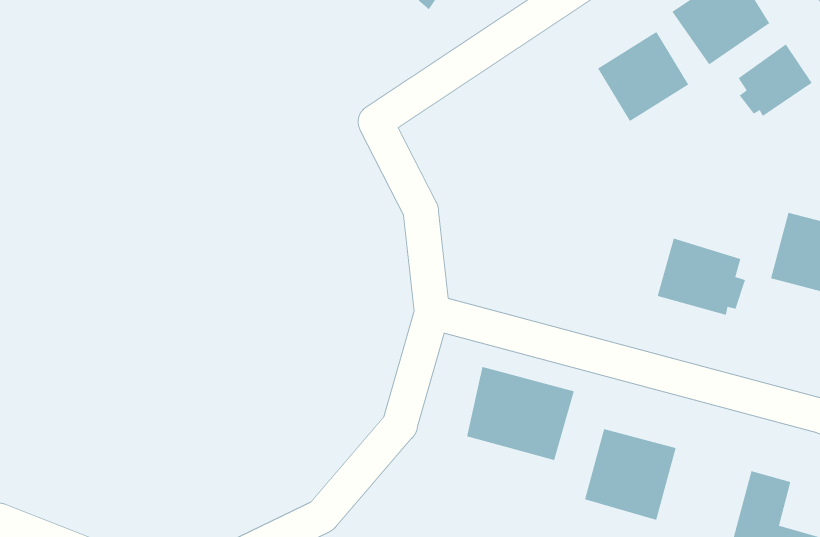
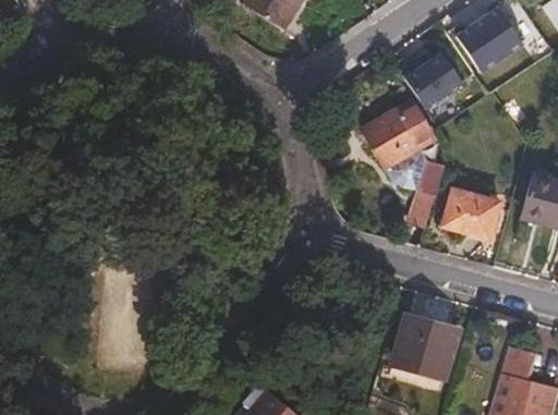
building: [738,44,813,117] -> none
building: none -> [361,99,444,229]
building: [467,366,575,461] -> none

